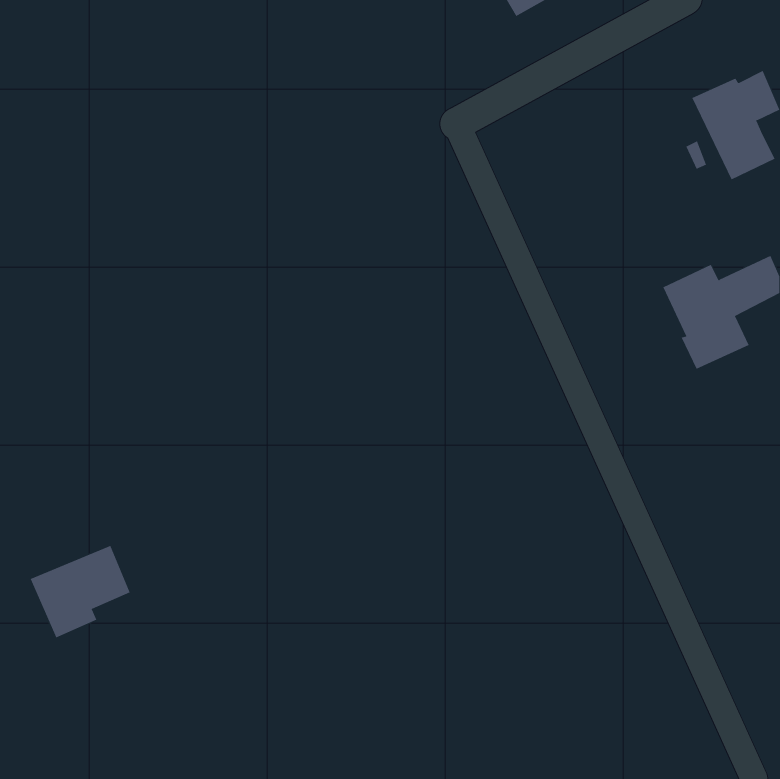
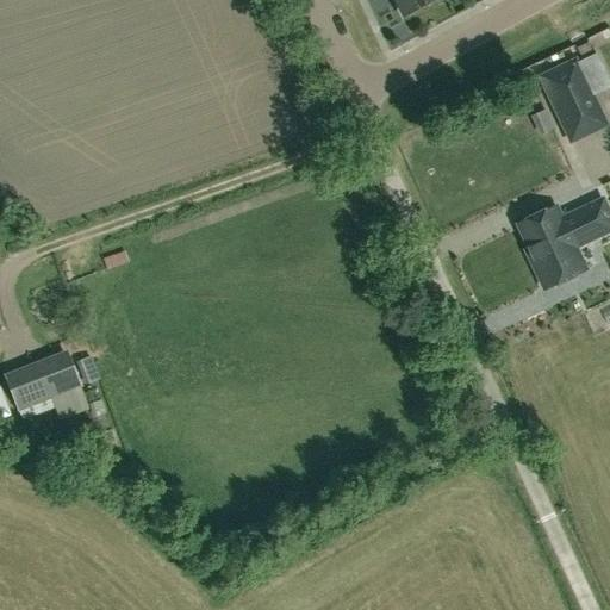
building: [30,545,131,638] -> [8,348,87,421]

